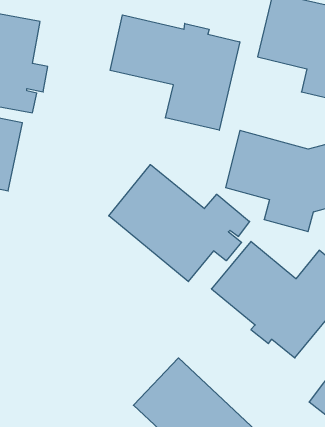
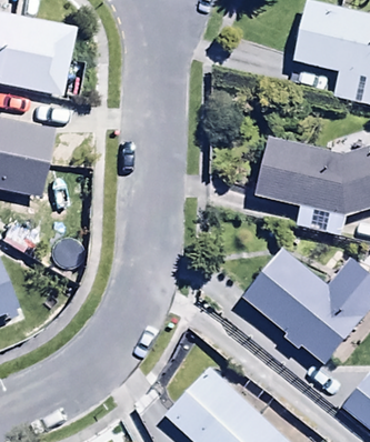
building: [110,15,240,130] -> none
building: [109,165,250,282] -> none

